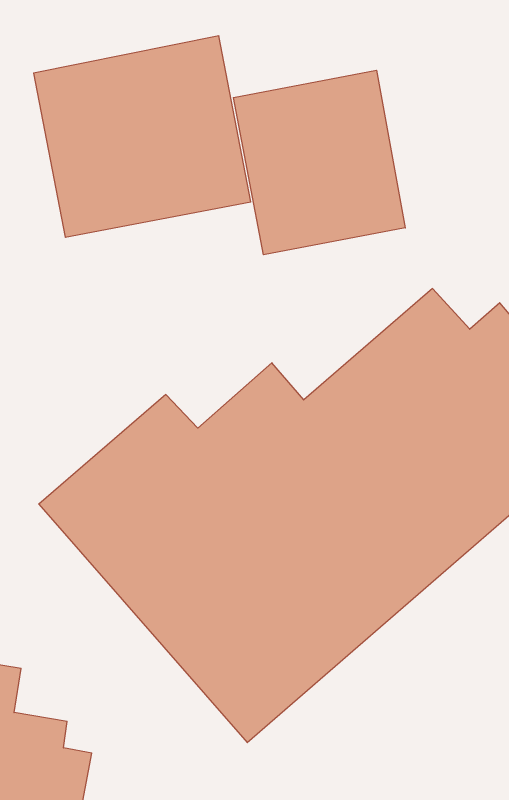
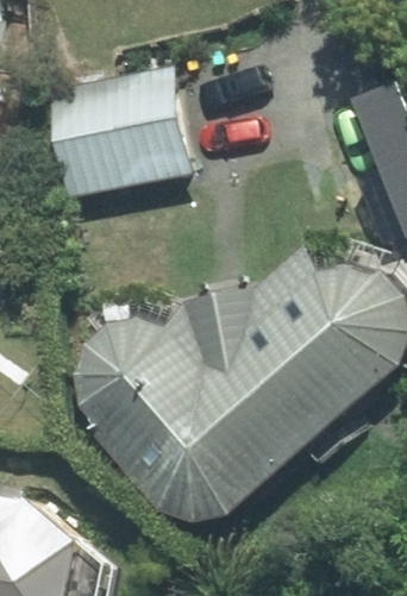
building: [233,70,405,255] -> none

